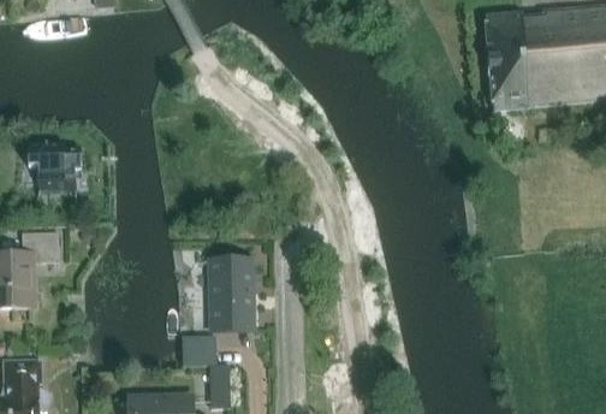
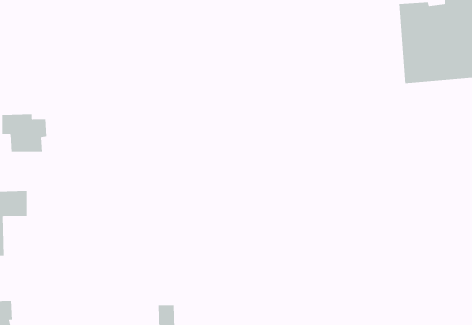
building: [196,260,251,331] -> none
building: [182,336,216,366] -> none

